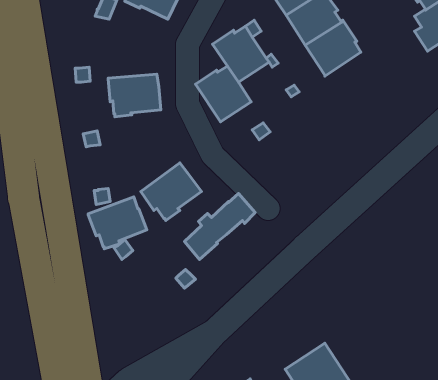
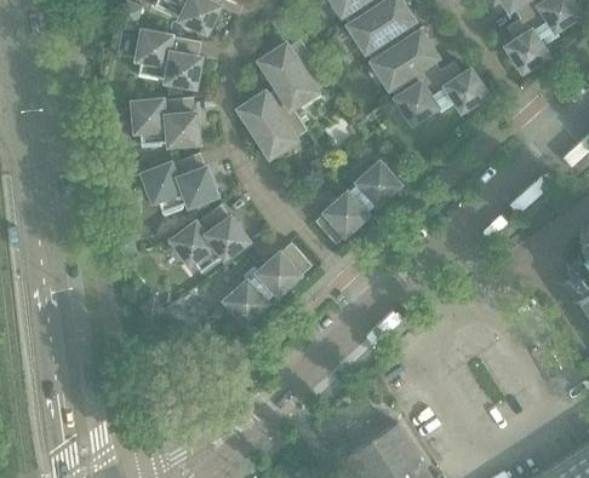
building: none -> [137,31,200,86]
building: none -> [396,62,485,123]
building: none -> [314,163,398,246]
building: [88,197,147,249] -> [143,154,215,217]

